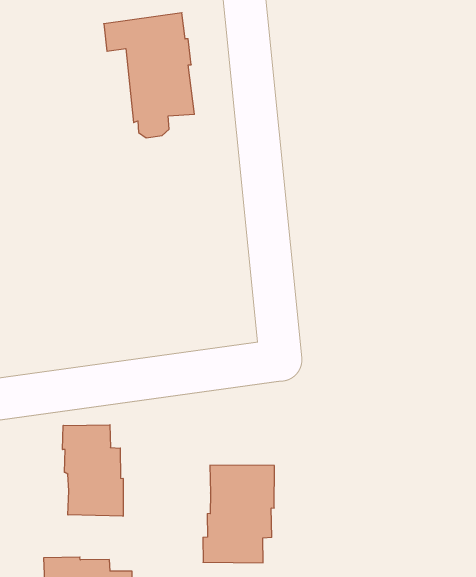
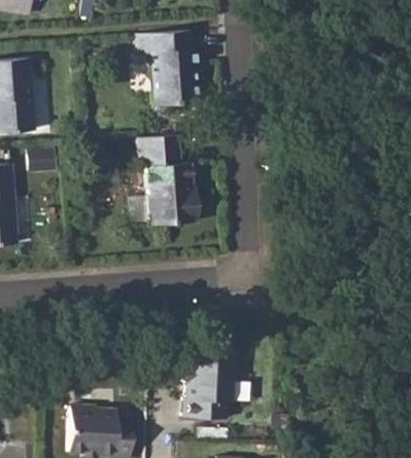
building: none -> [137,133,196,224]
building: [63,425,123,516] -> none

